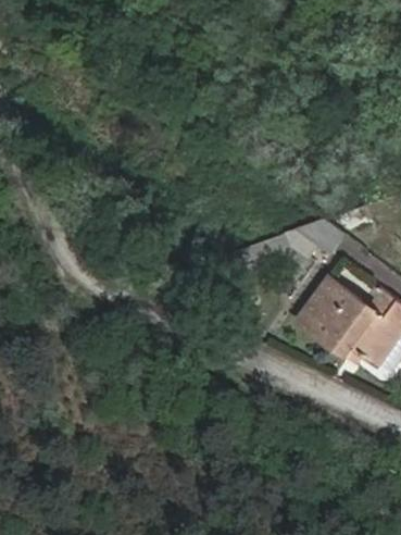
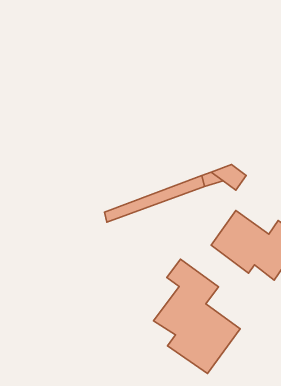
building: none -> [154,259,240,373]

